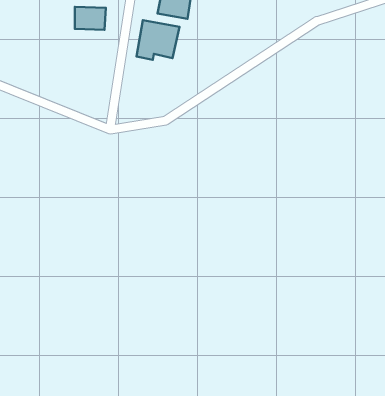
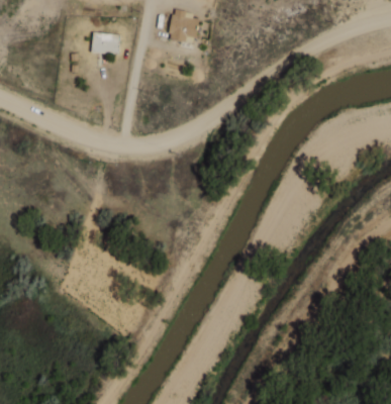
building: [137,20,180,60] -> none

